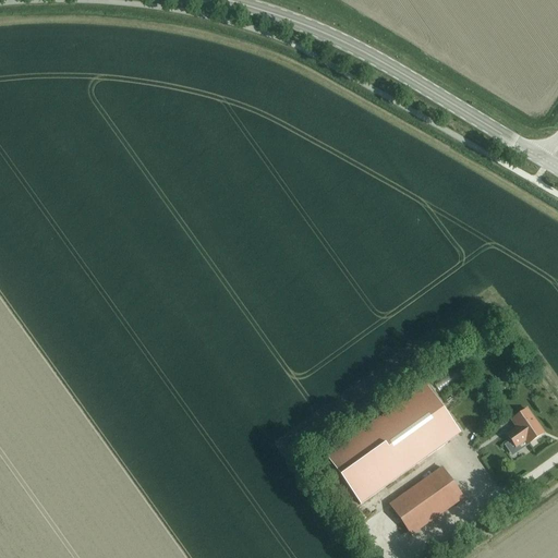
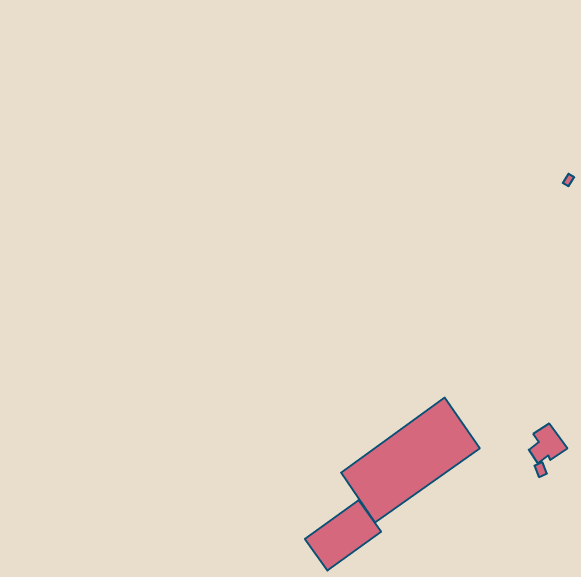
building: [390,464,463,532] -> [305,500,381,571]

